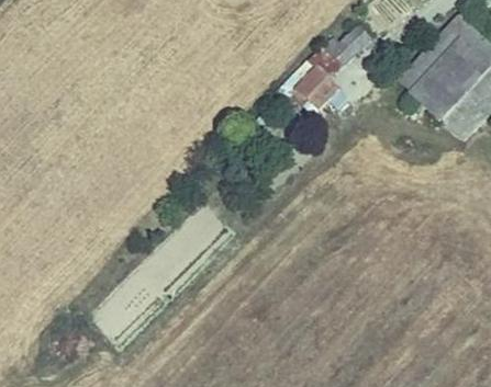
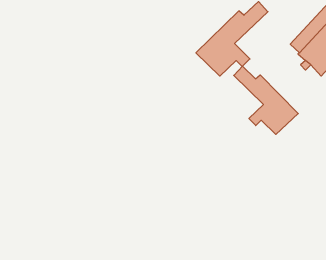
building: none -> [234,66,298,134]

